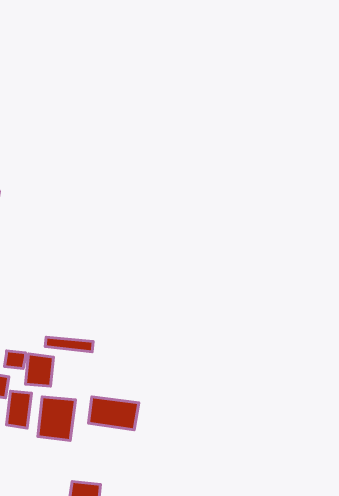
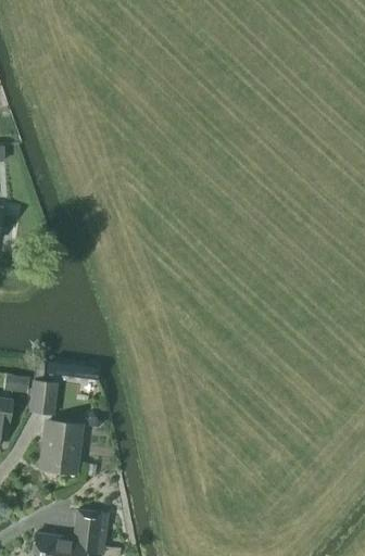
building: [6,391,32,428] -> none
building: [89,397,139,430] -> none

